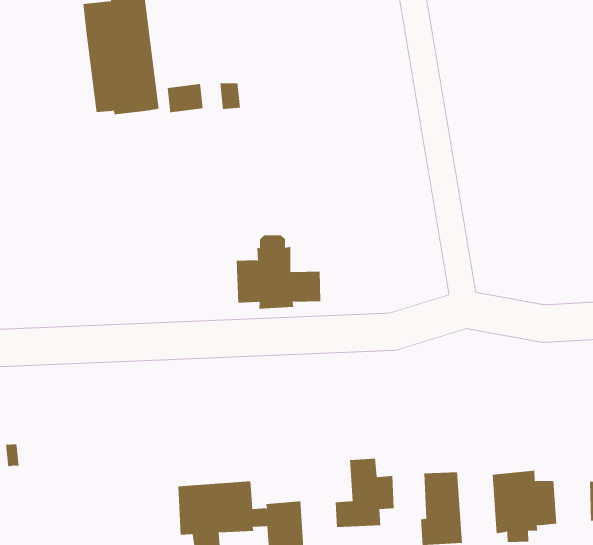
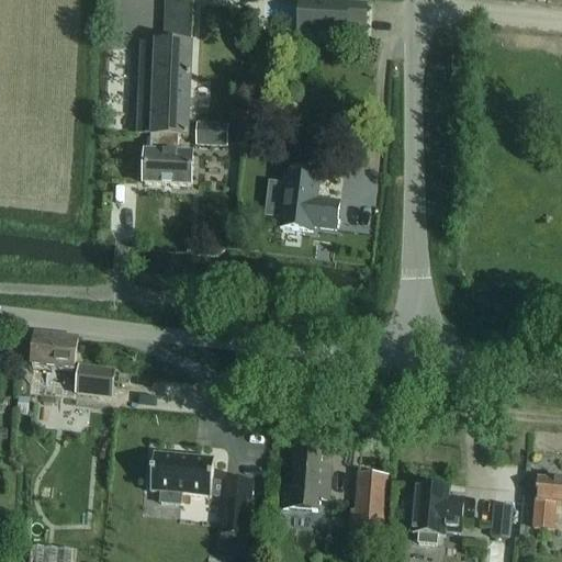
building: none -> [142,136,192,186]
building: [236,235,321,309] -> [263,162,336,226]
building: none -> [32,329,77,369]
building: none -> [77,361,113,393]

